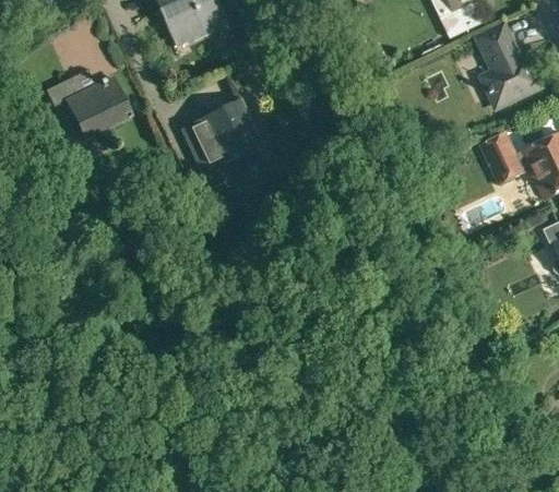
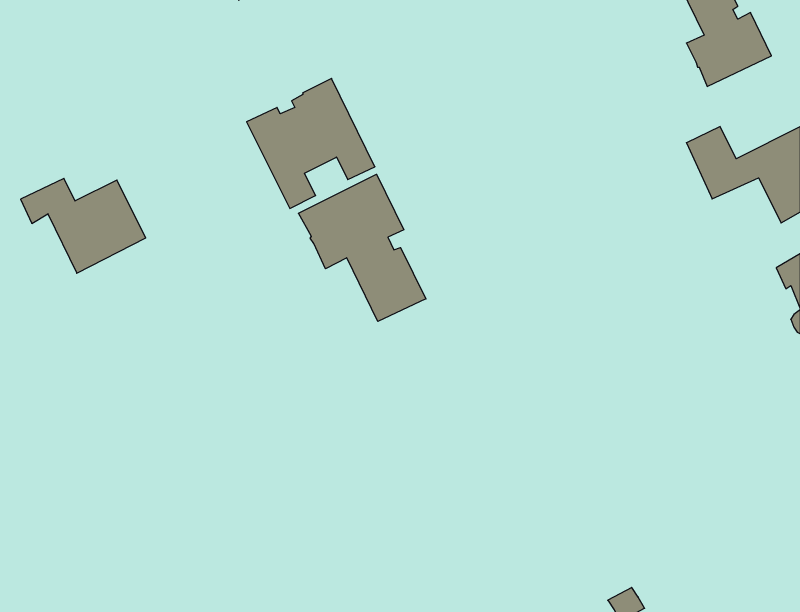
building: [47,75,132,140] -> [21,178,146,273]
building: none -> [298,174,426,321]

